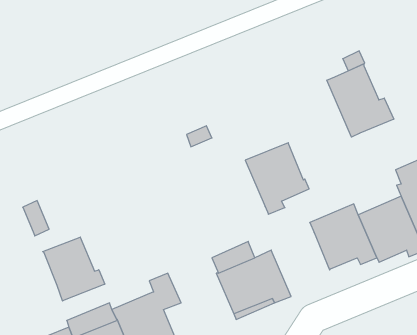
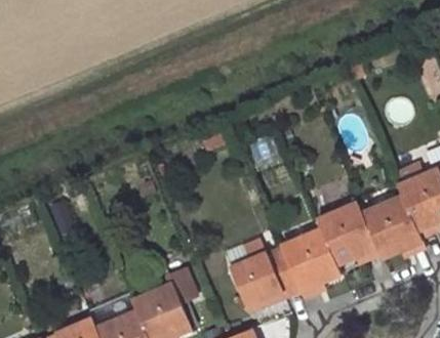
building: [327,64,394,137] -> none
building: [245,143,309,214] -> [281,231,341,298]
building: [43,237,105,301] -> none

